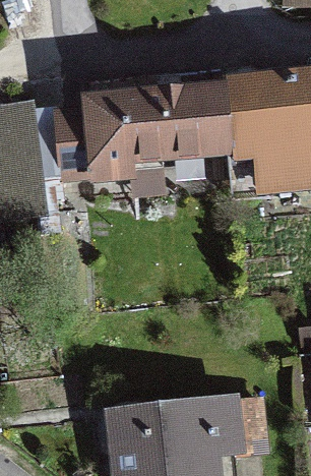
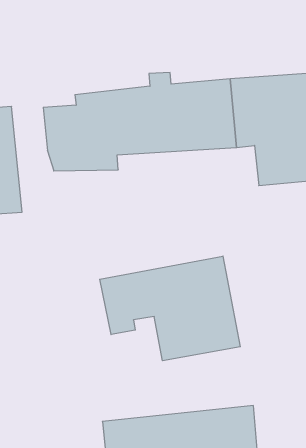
building: none -> [100,256,240,361]

